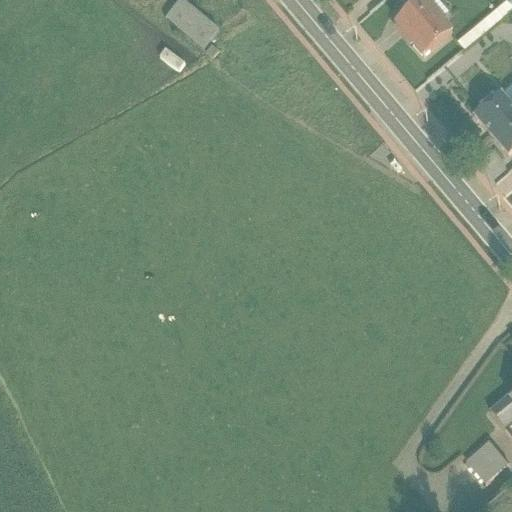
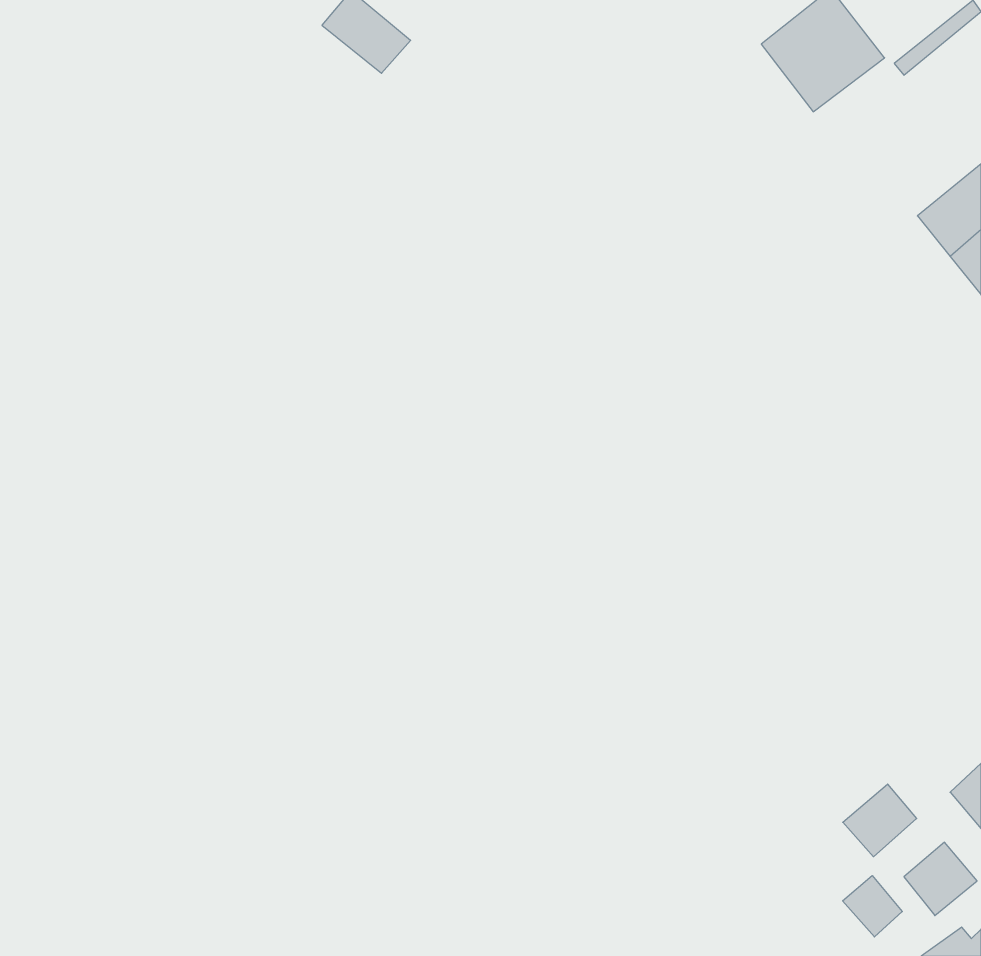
building: none -> [843,784,917,857]
building: none -> [843,876,902,937]

